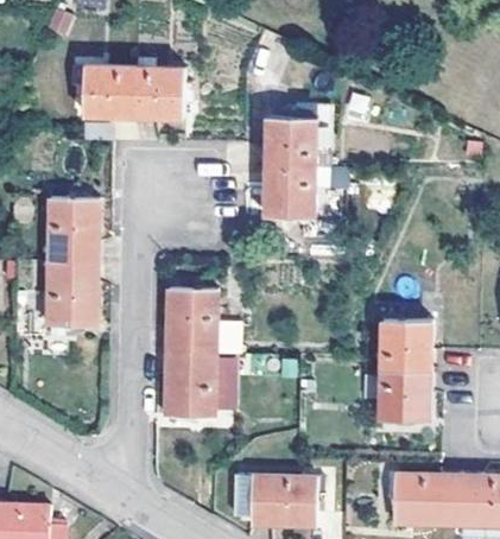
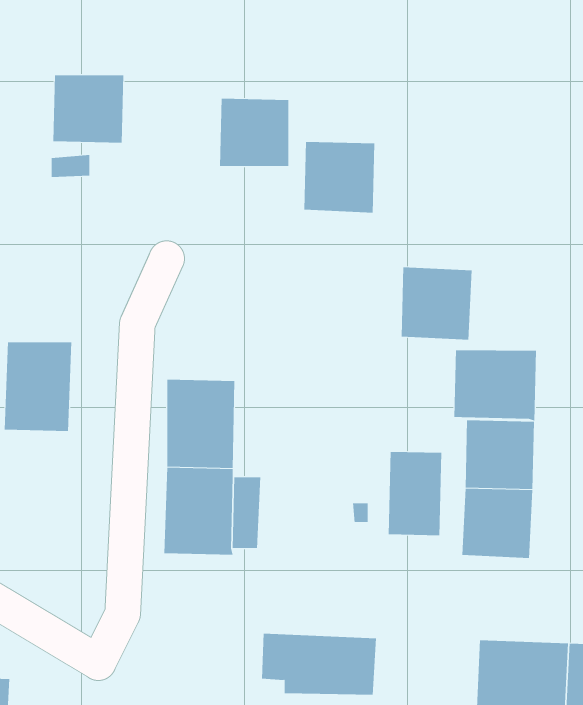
building: [133,65,184,115] -> [219,98,289,167]
building: [264,164,316,217] -> [401,267,472,340]
building: [49,196,97,260] -> none
building: none -> [454,350,536,422]
building: none -> [388,451,442,536]

